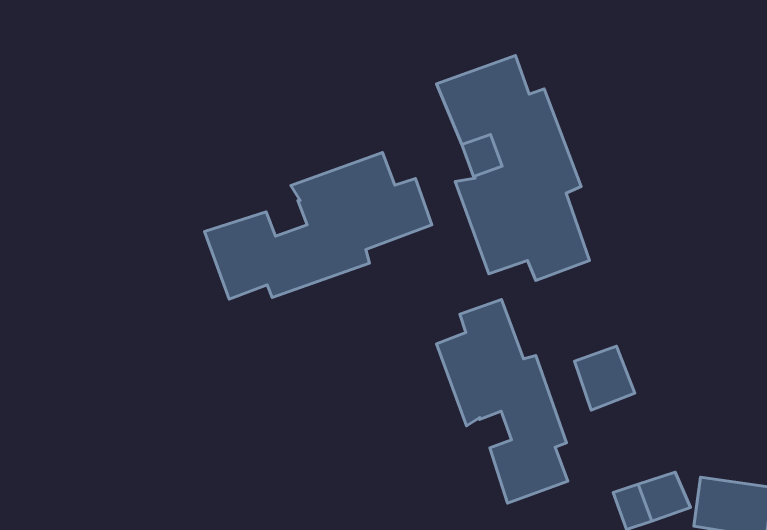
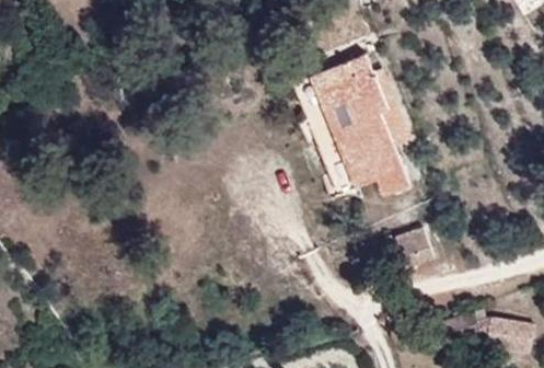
building: [204,152,432,299] -> none
building: [437,300,568,503] -> none

